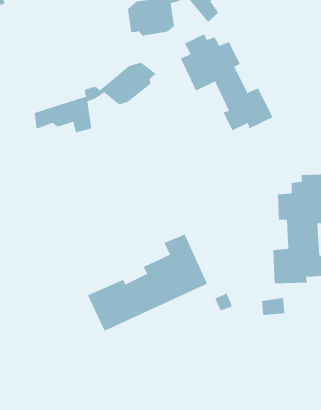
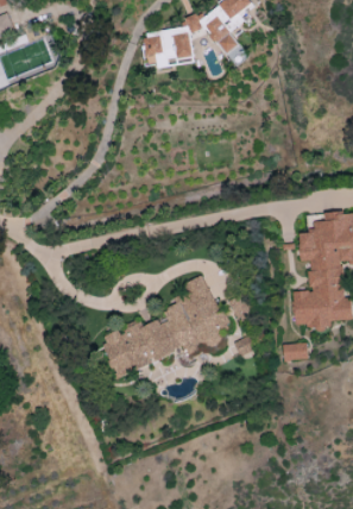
building: [180,33,273,131] -> none
building: [34,62,157,133] -> none

